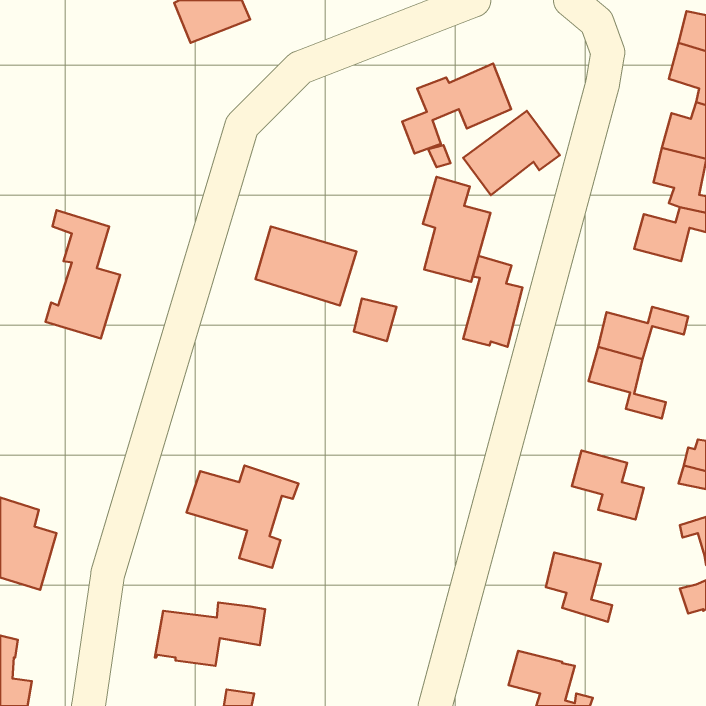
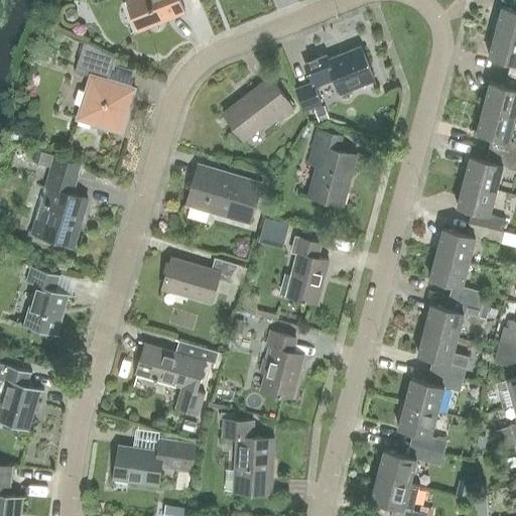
building: none -> [74,40,135,134]
building: [463,111,560,195] -> [224,79,294,140]
building: none -> [457,181,505,231]
building: [463,256,523,347] -> [285,237,329,303]
building: none -> [162,258,238,302]
building: none -> [25,268,69,336]
building: none -> [424,296,483,338]
building: none -> [259,332,303,398]
building: none -> [404,370,464,411]
building: none -> [220,413,273,494]
building: none -> [378,443,443,483]

